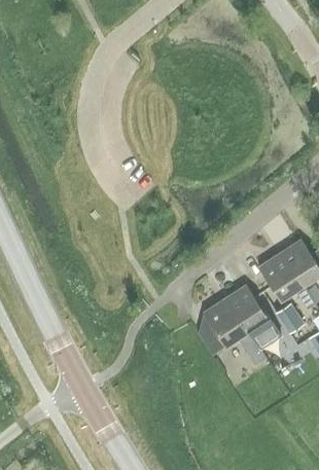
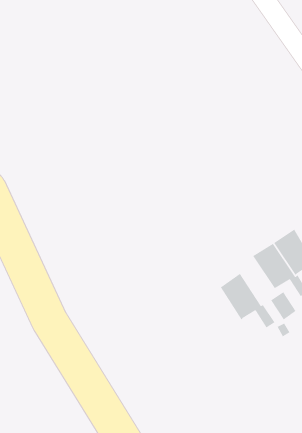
building: [200,299,261,355] -> none

